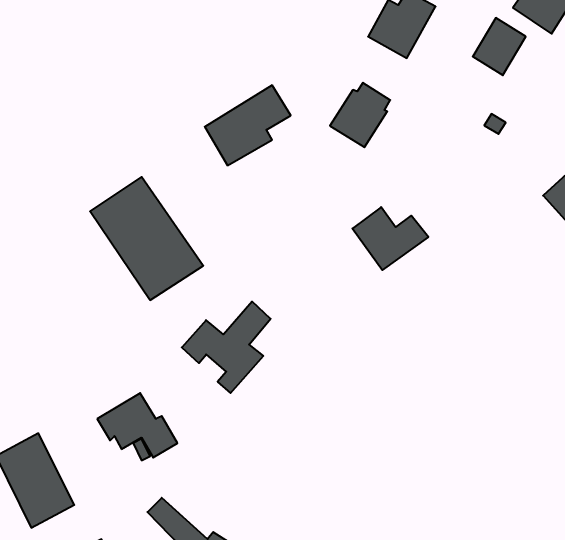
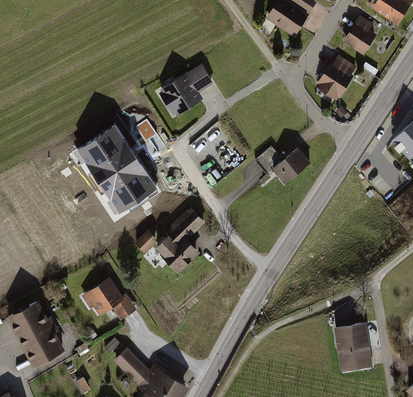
building: [330,83,390,147] -> [314,55,356,100]
building: none -> [334,325,370,371]

